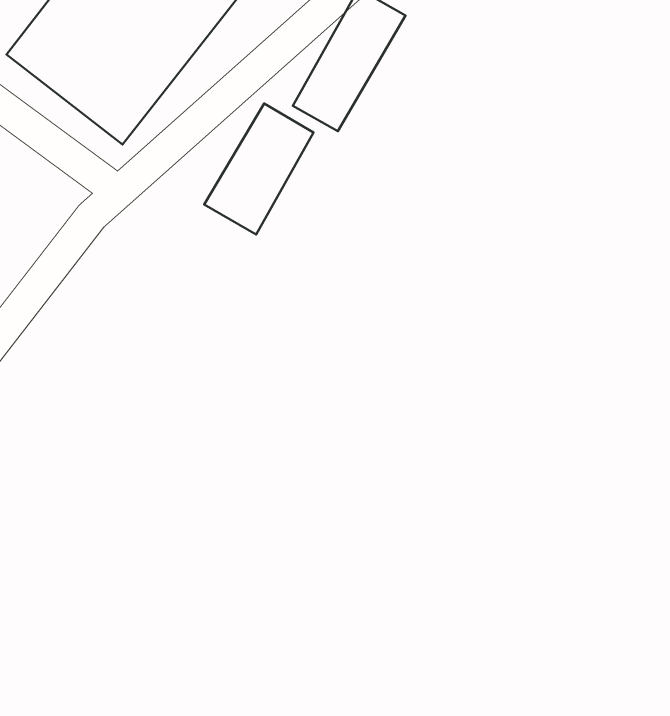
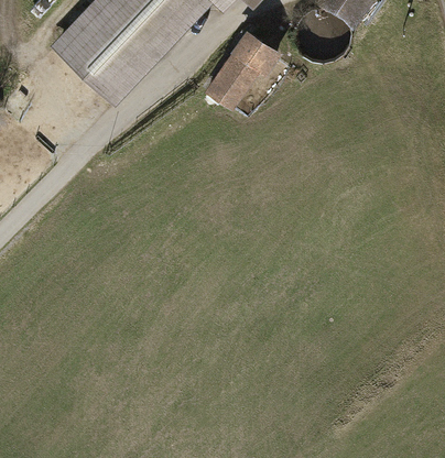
building: [204,104,313,234] -> none

